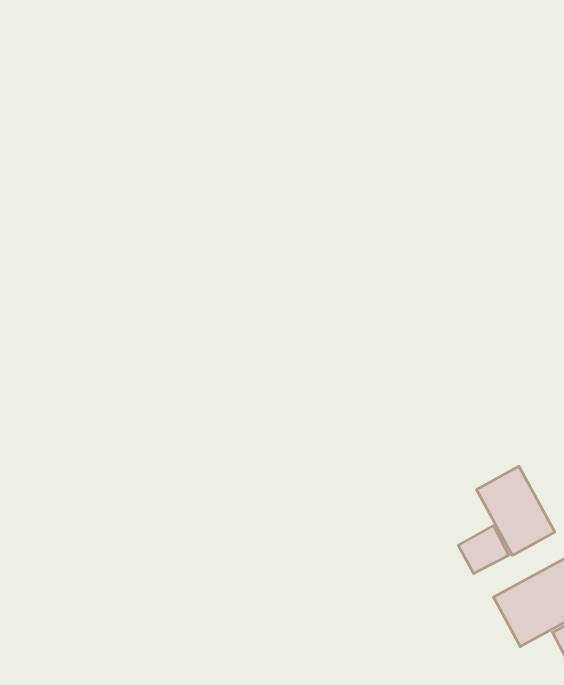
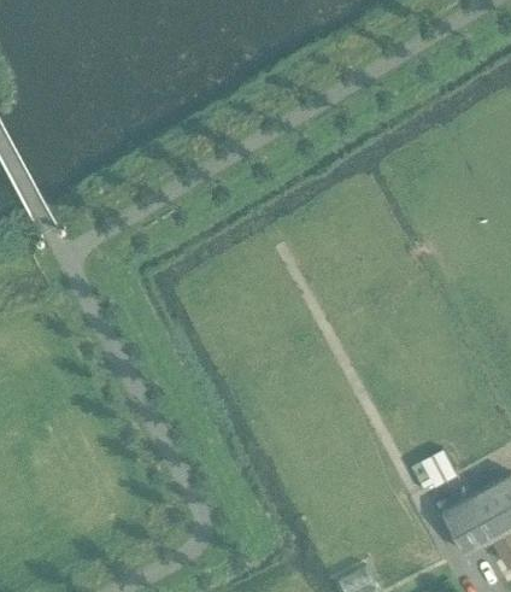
building: [477,466,555,555] -> none

